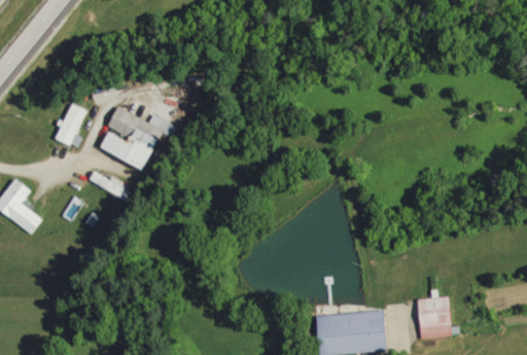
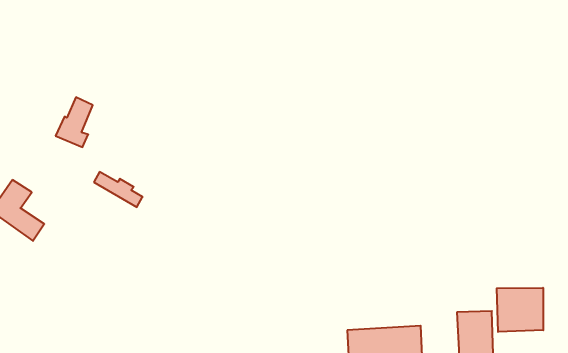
building: [99,107,174,170] -> none
building: none -> [497,288,543,332]

